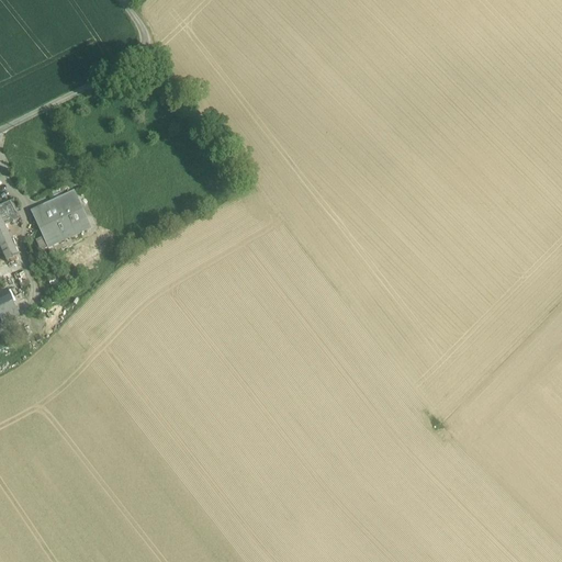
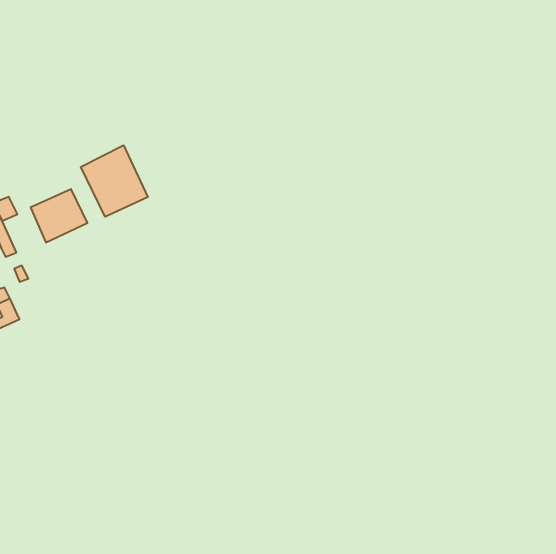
building: none -> [81,145,148,217]

